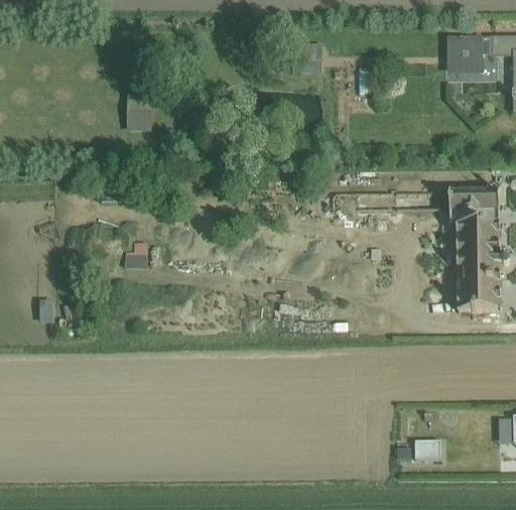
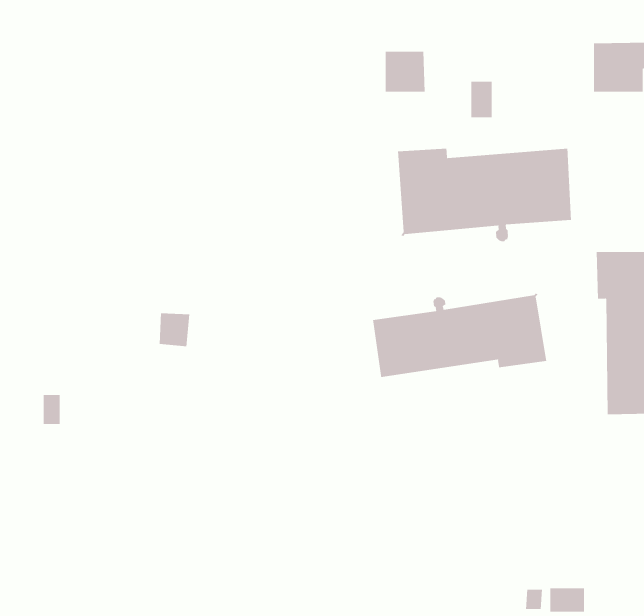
building: [126,94,151,132] -> none
building: none -> [397,148,571,242]
building: none -> [373,293,547,378]

